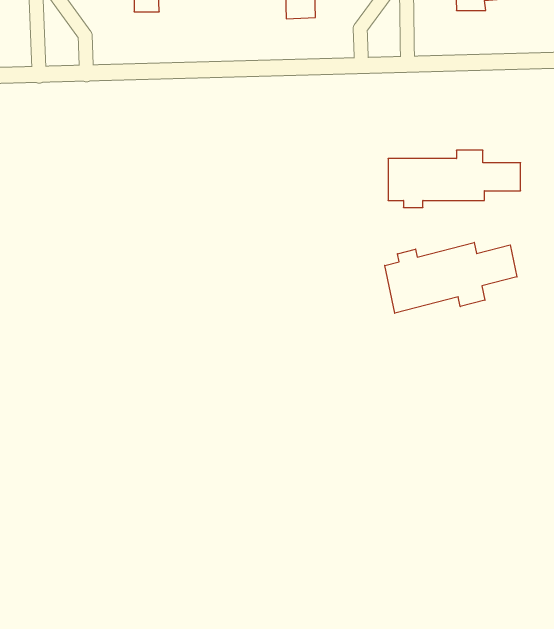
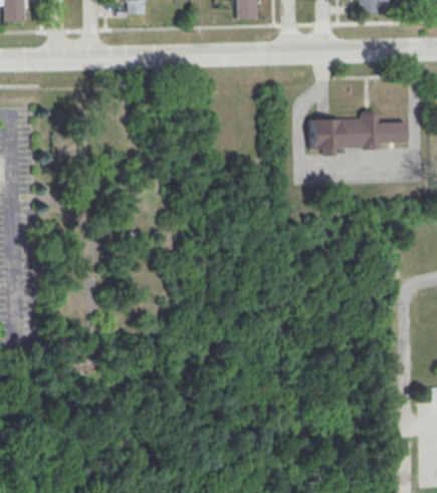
building: [385,242,517,313] -> none

